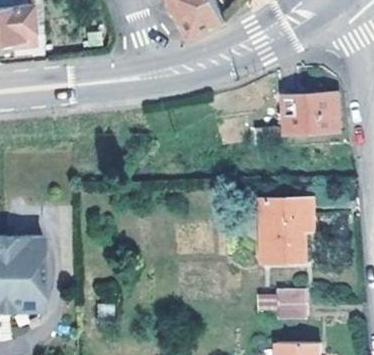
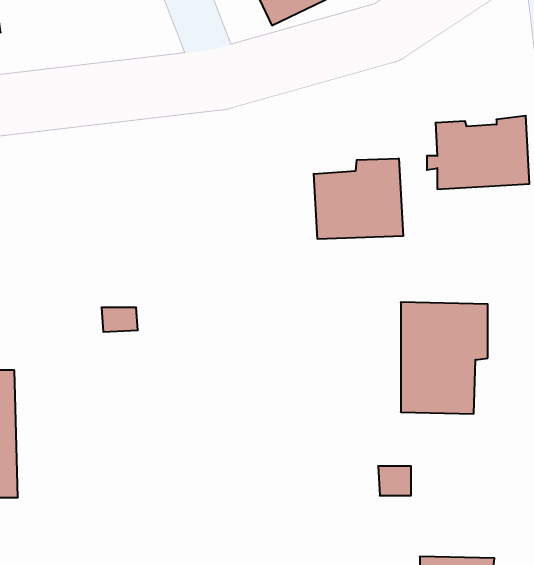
building: none -> [314,158,403,239]
building: [275,288,305,319] -> none

